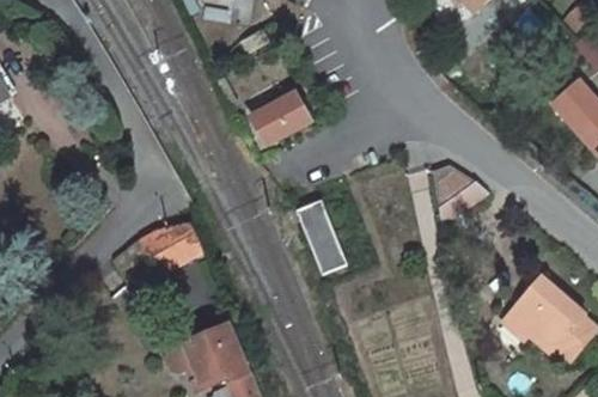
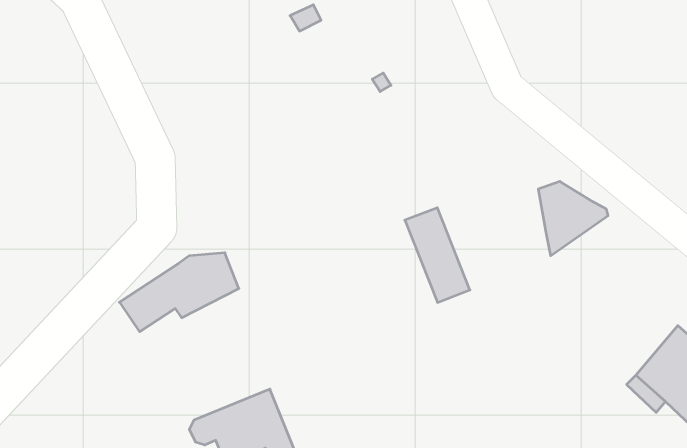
building: [252,92,309,141] -> none
building: [295,198,346,271] -> [405,208,470,302]

